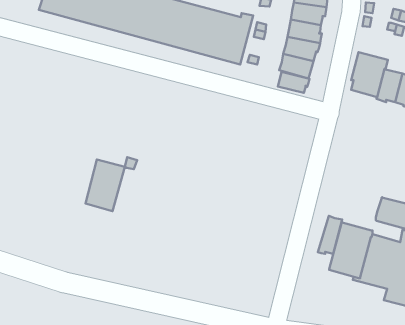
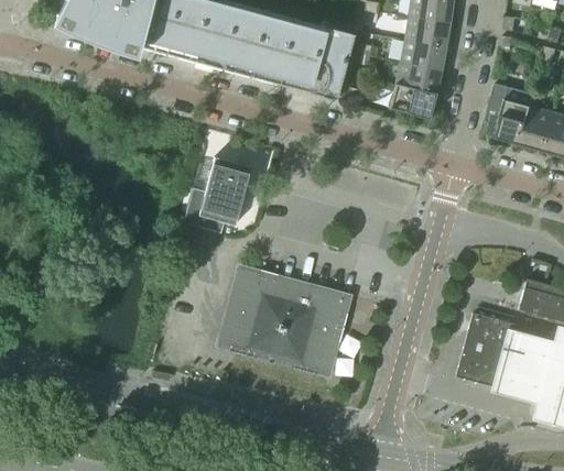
building: [278,72,310,93] -> none
building: [86,159,125,211] -> [198,155,251,224]
building: none -> [219,267,347,373]
building: [318,216,342,254] -> none

